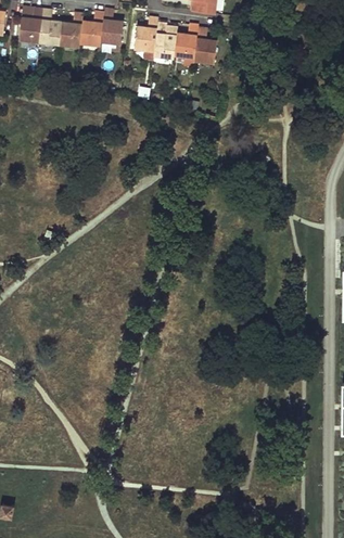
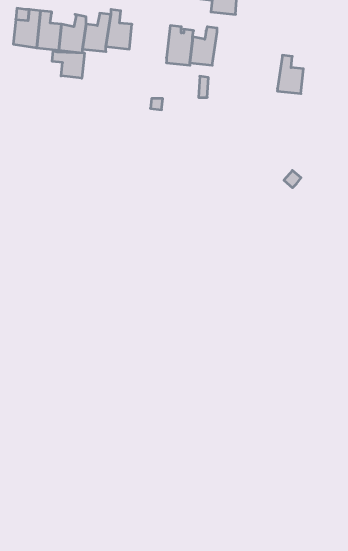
building: [135,20,158,53] -> none
building: [194,30,217,64] -> [277,55,303,94]
building: none -> [52,51,84,78]

